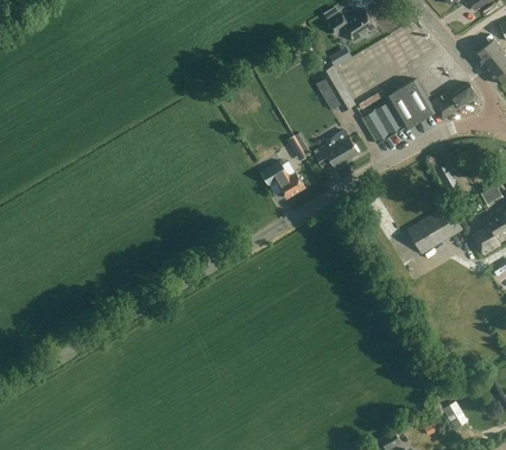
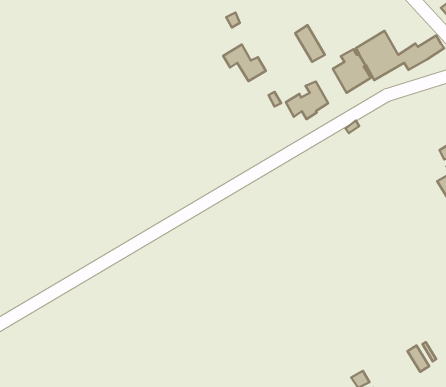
building: [259,160,303,198] -> [223,45,266,81]
building: [405,204,461,254] -> none

